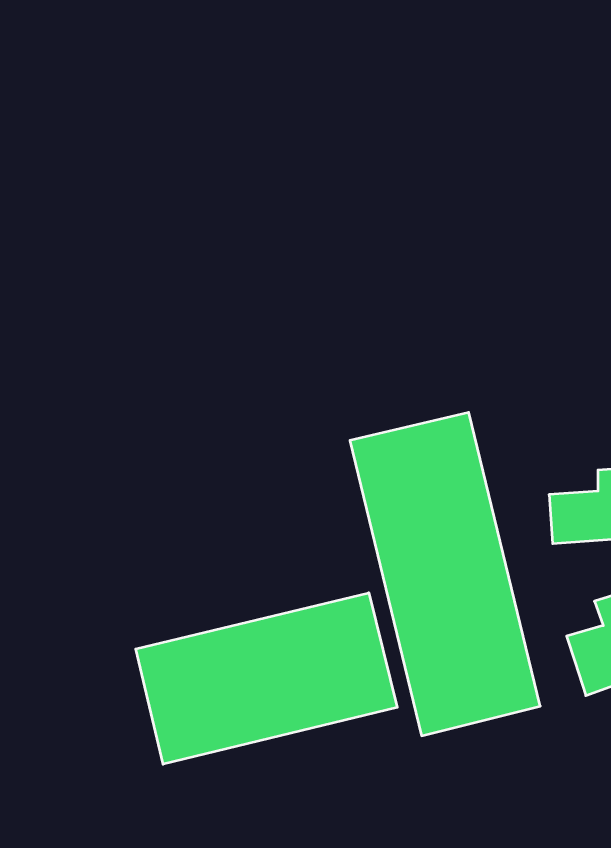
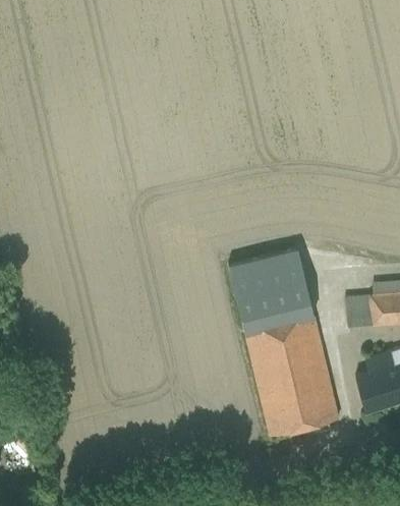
building: [136,593,397,764] -> none

